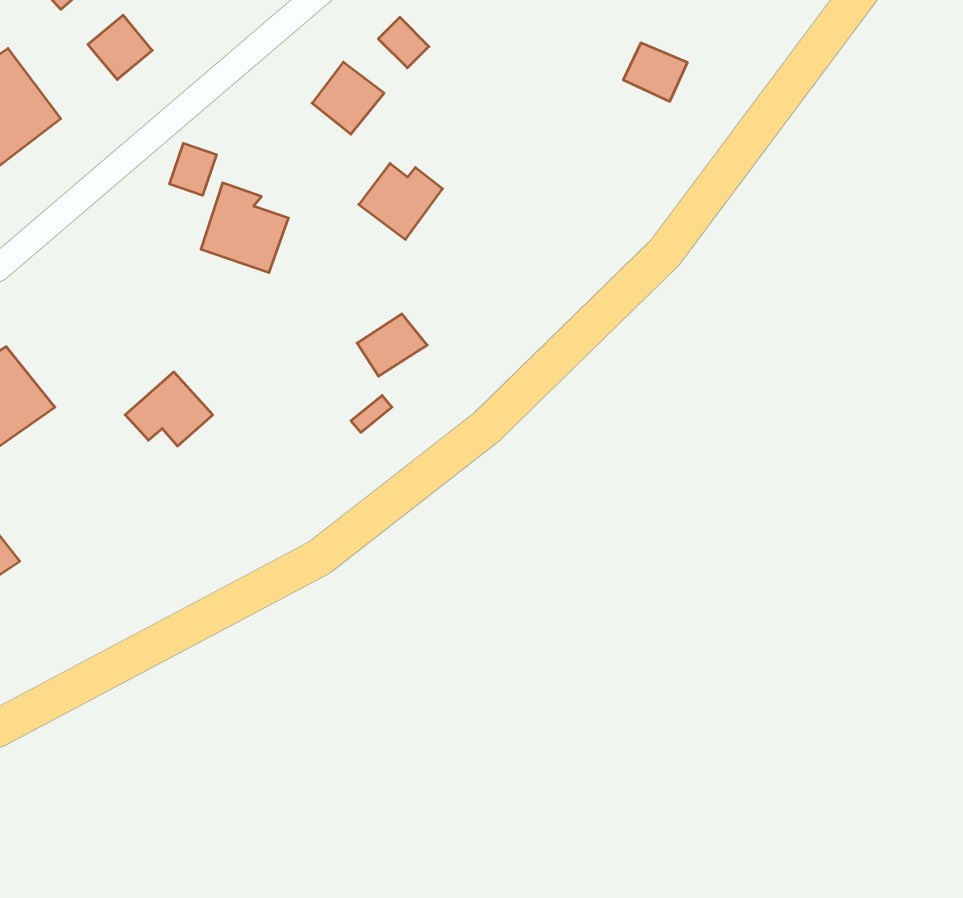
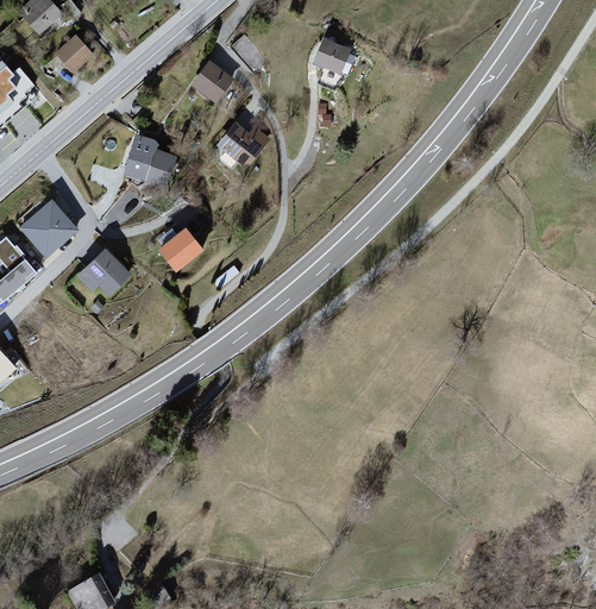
building: [623,43,687,101] -> [315,39,355,75]
building: [170,143,217,195] -> none
building: none -> [20,197,75,255]
building: [357,314,427,376] -> [159,227,202,265]

